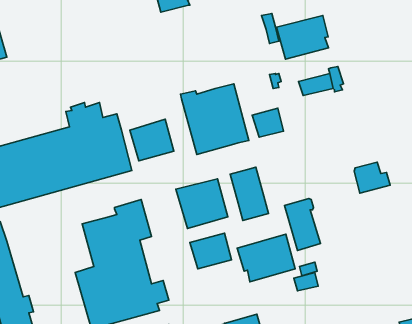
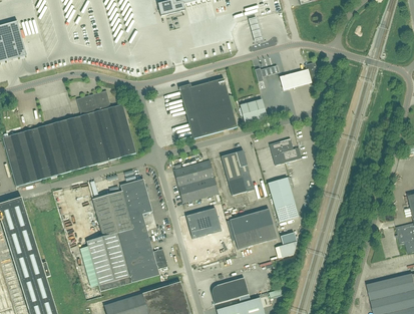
building: [277,15,328,59] -> none
building: [130,119,174,161] -> none
building: [354,162,390,193] -> [269,137,300,165]

